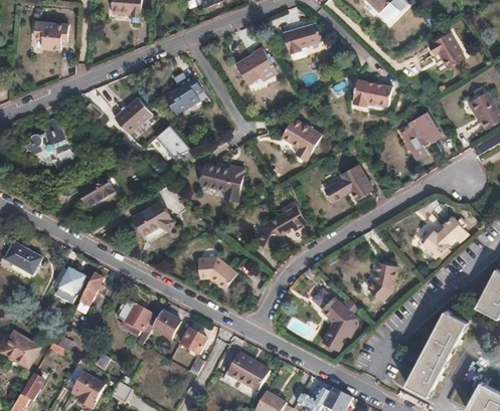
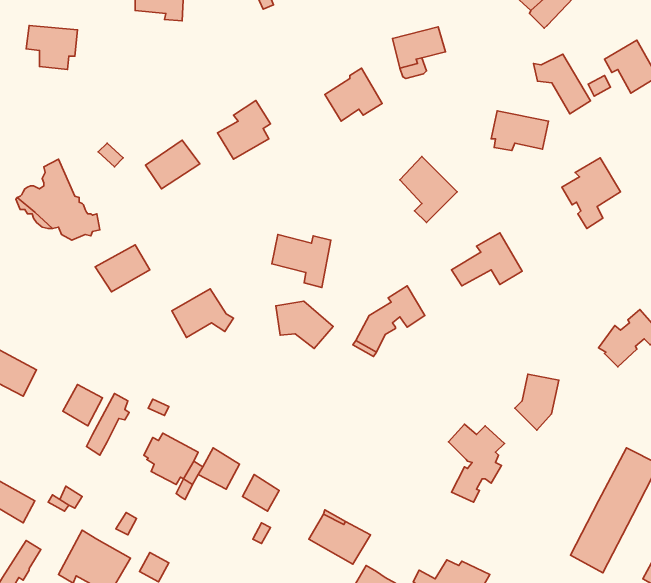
building: none -> [534,54,590,114]
building: [150,125,188,164] -> none
building: [196,254,235,286] -> [276,301,333,348]

